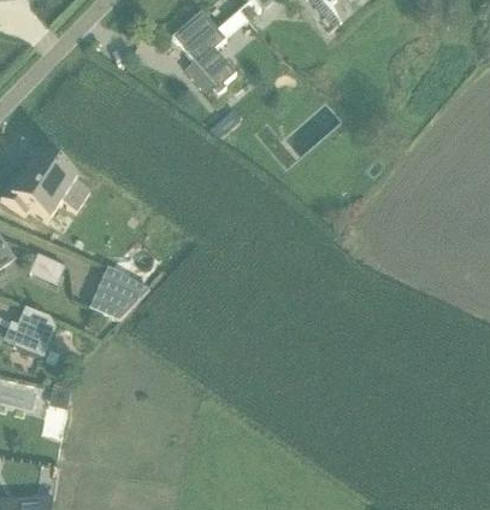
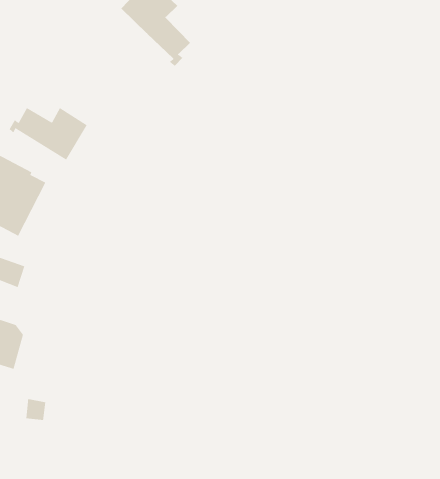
building: none -> [9,107,88,161]
building: [89,264,149,318] -> none

